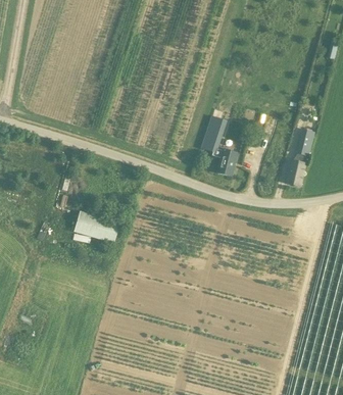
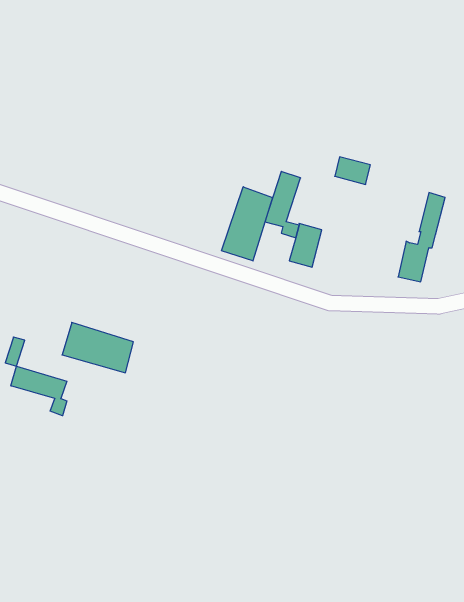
building: none -> [221,187,272,261]
building: none -> [11,366,67,416]

